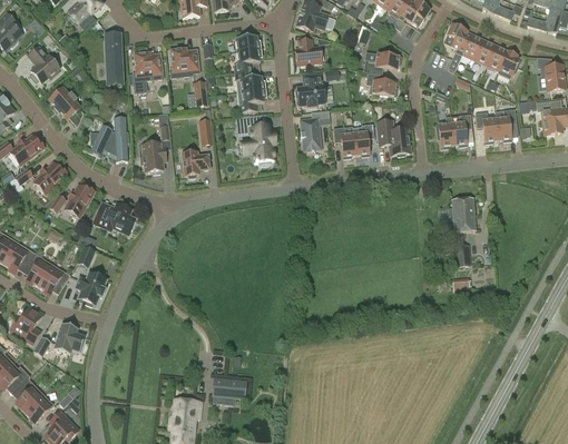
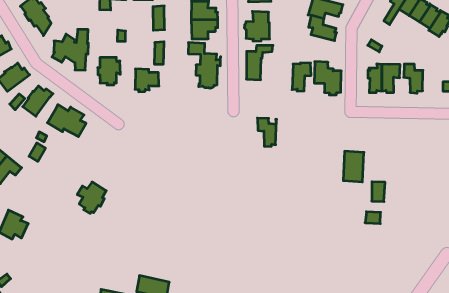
building: [496,108,516,141] -> none
building: [332,127,355,158] -> [257,118,277,146]
building: [451,197,474,230] -> [343,151,364,182]
building: [75,272,106,306] -> [77,182,106,213]

